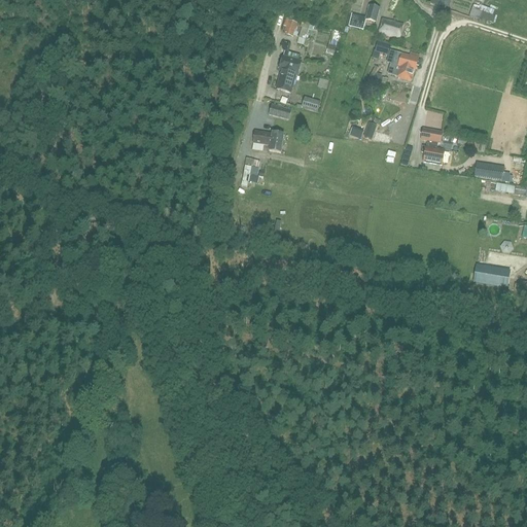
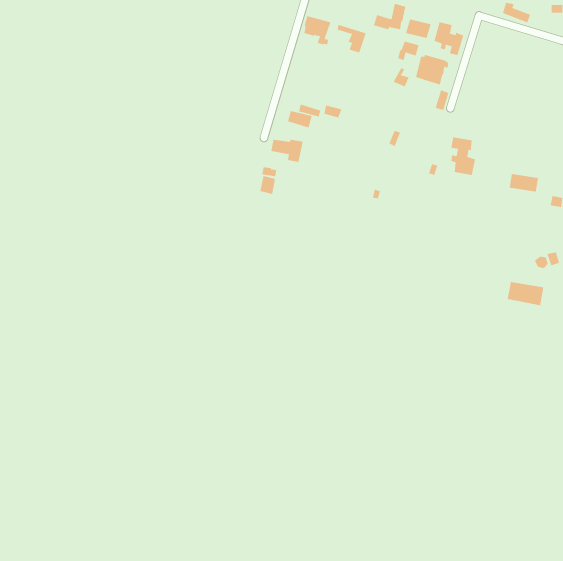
building: none -> [434,22,464,56]
building: [275,56,300,90] -> none

